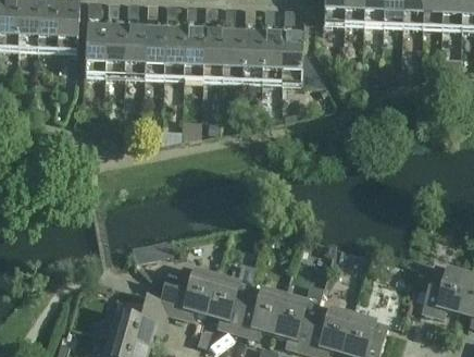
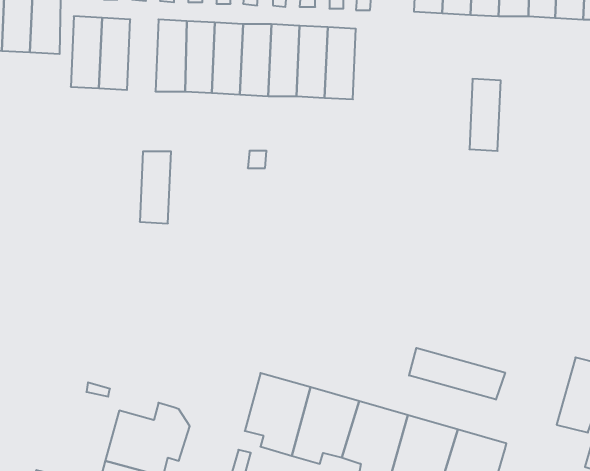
building: [125,28,147,78] -> [140,151,171,223]
building: [282,35,303,85] -> [469,79,501,151]
building: none -> [409,348,505,400]
building: [161,264,217,318] -> none

